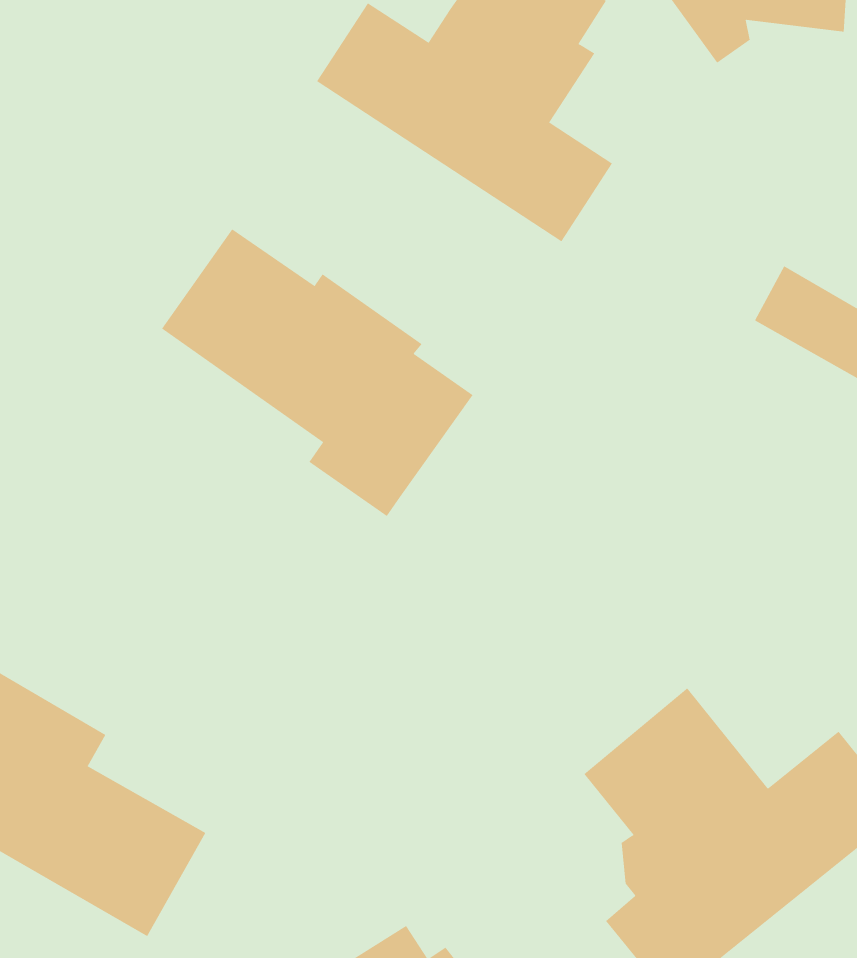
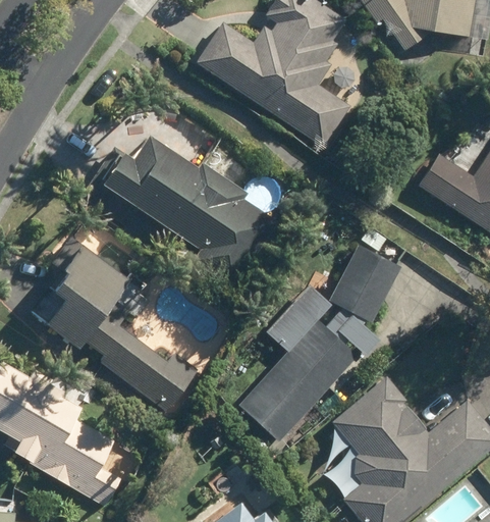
building: none -> [43,236,198,411]
building: none -> [235,247,399,443]

